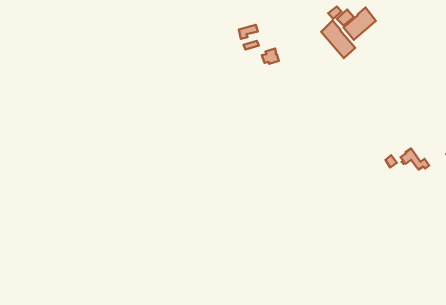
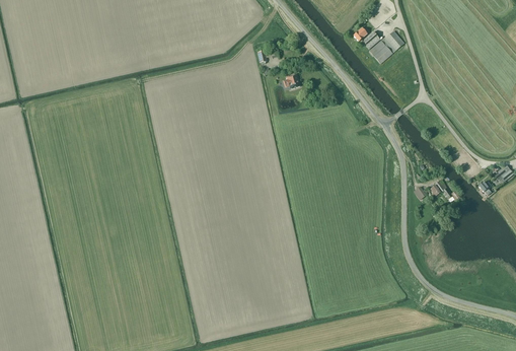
building: [321,21,355,58] -> none

